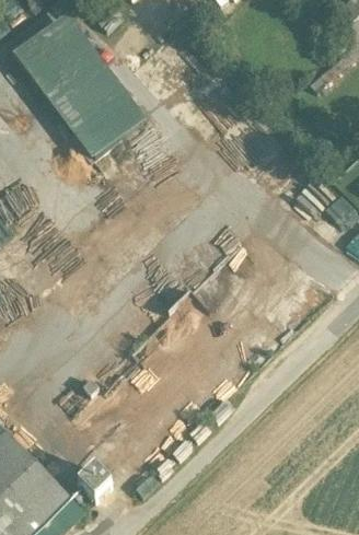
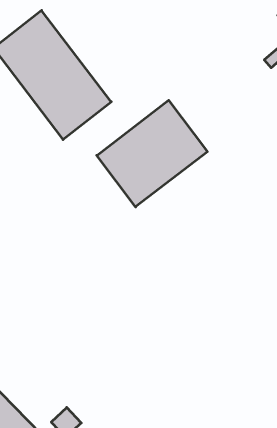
building: none -> [97,100,207,207]

